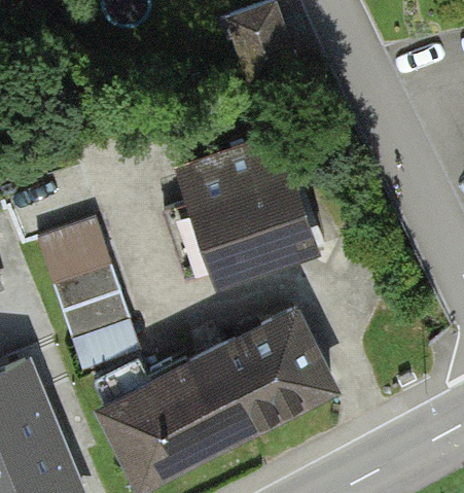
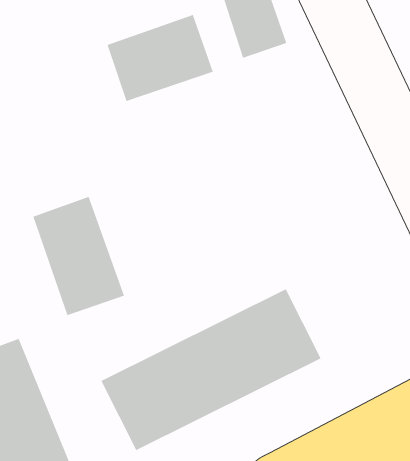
building: none -> [107,14,213,102]
building: [167,146,312,285] -> none

